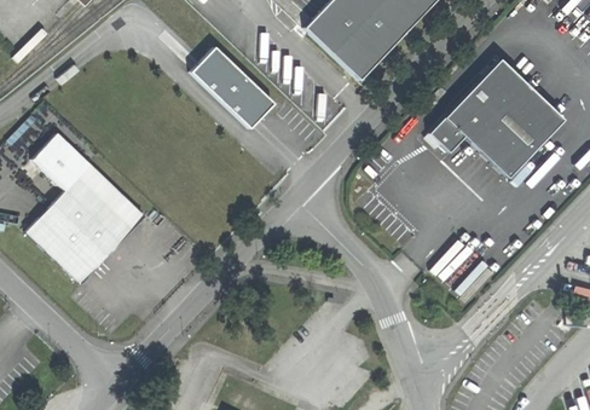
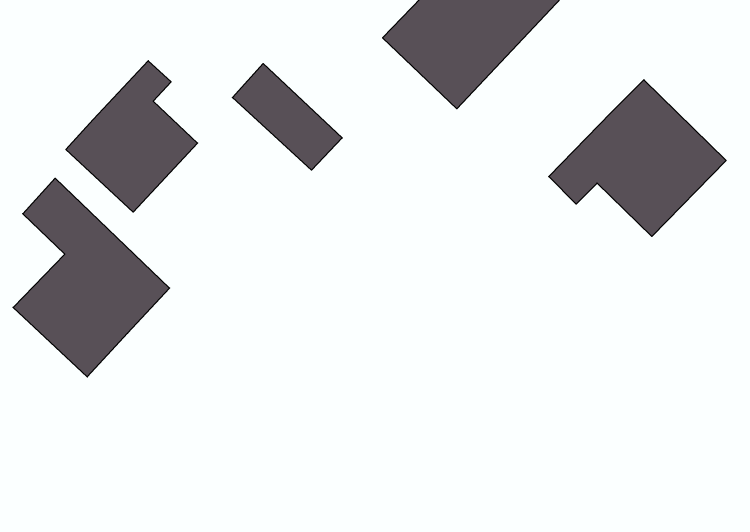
building: none -> [66,61,198,212]

